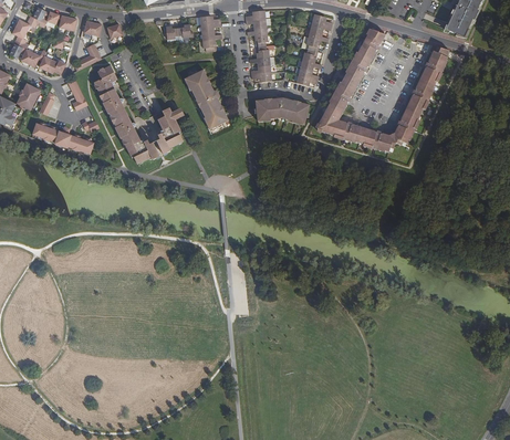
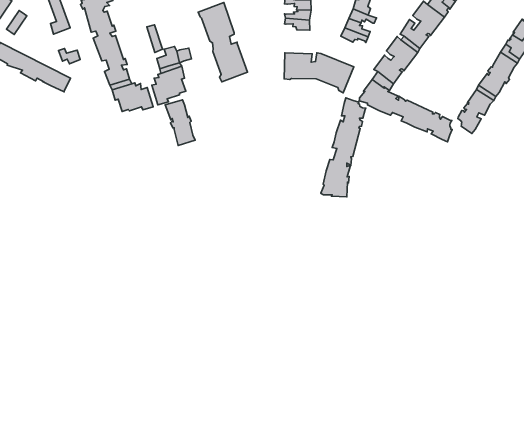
building: none -> [321,98,366,197]
building: none -> [165,100,195,145]

